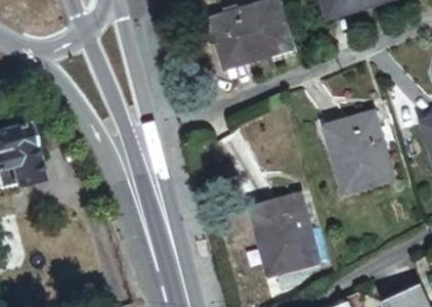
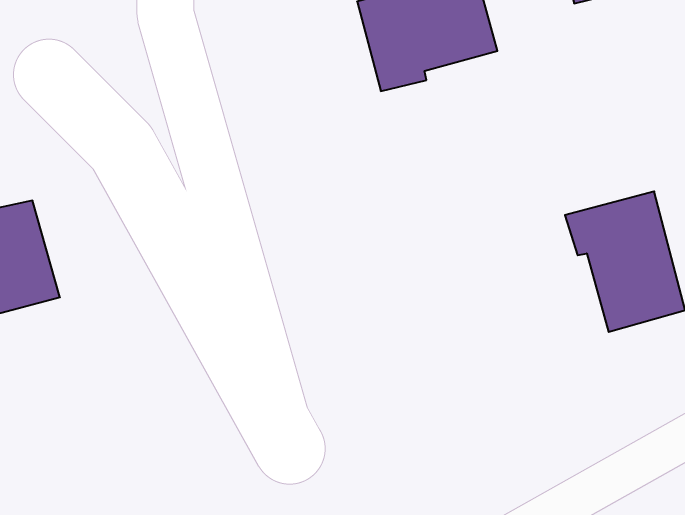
building: [246,196,314,275] -> none

